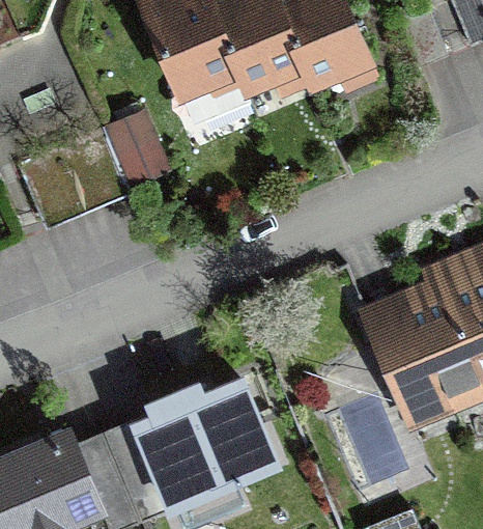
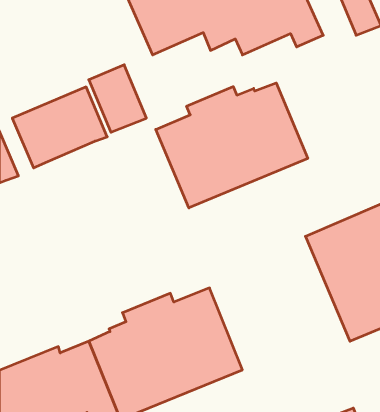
building: none -> [156,83,308,208]

